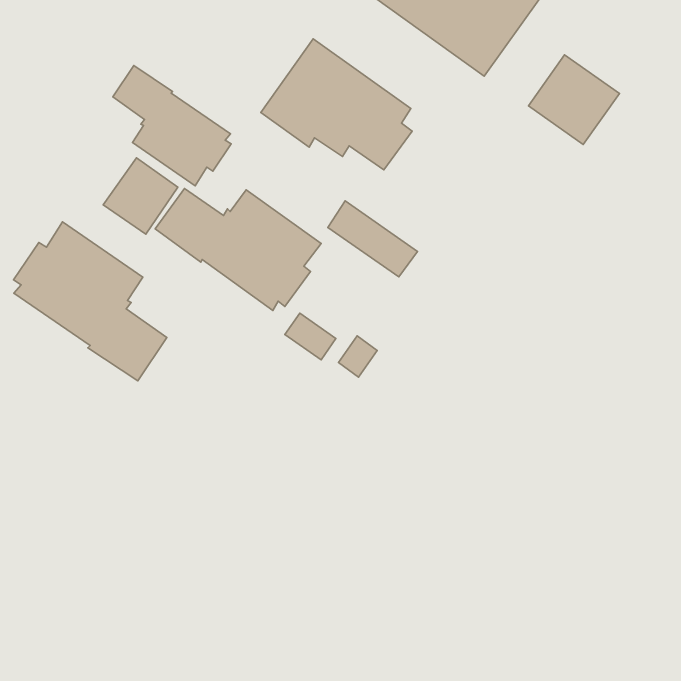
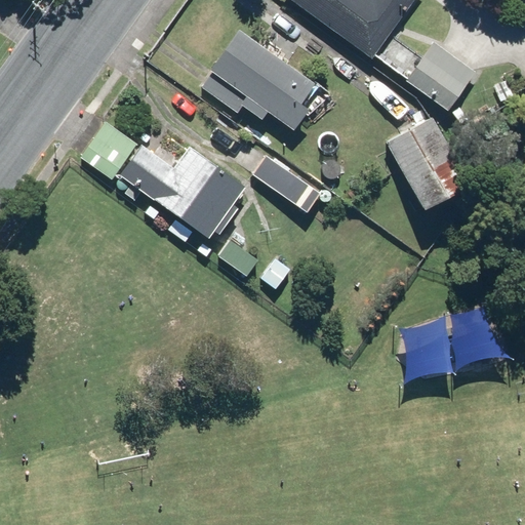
building: [113,65,231,186] -> none
building: none -> [386,115,472,212]
building: [13,222,167,381] -> none

